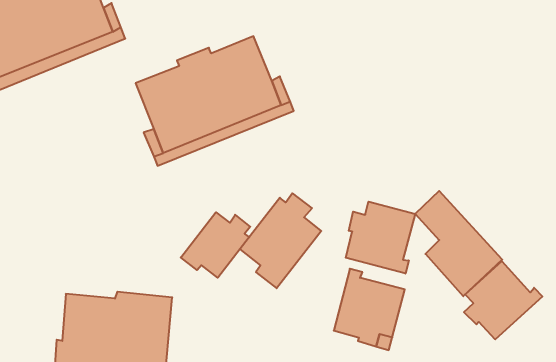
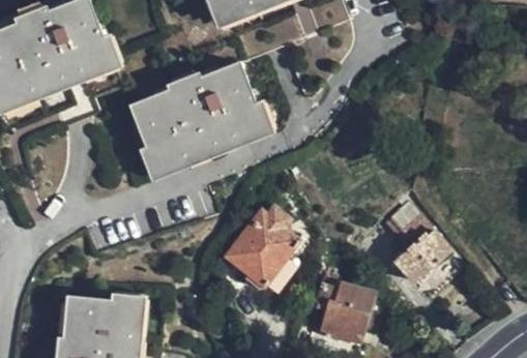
building: [346,202,415,274] -> none
building: [181,212,250,278] -> none
building: [464,261,542,339] -> none

